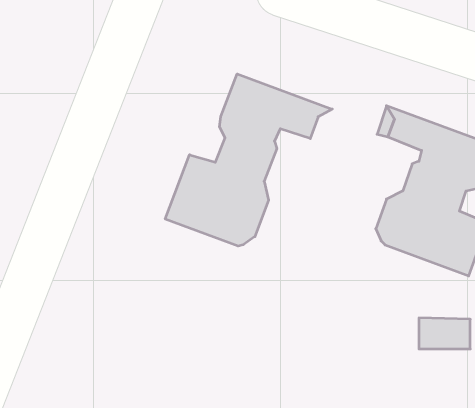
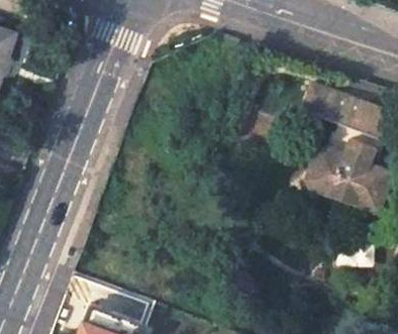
building: [165,74,332,246] -> none

